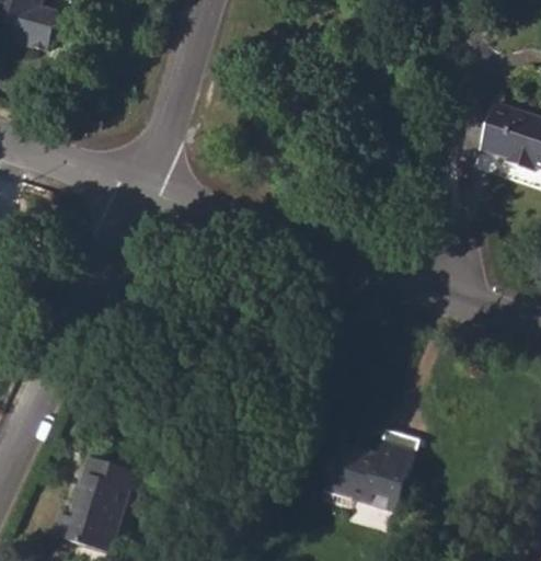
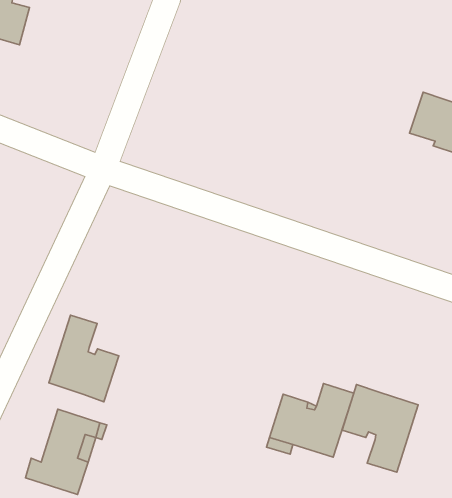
building: none -> [49,315,119,402]
building: none -> [342,384,418,472]

